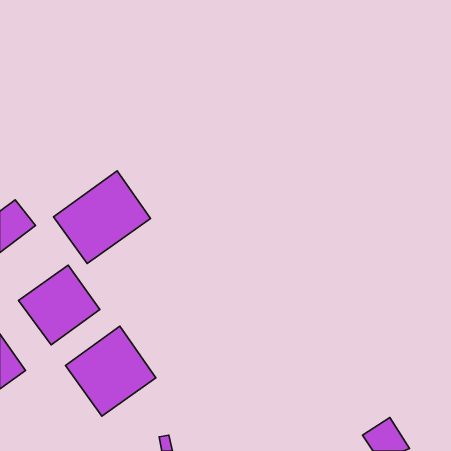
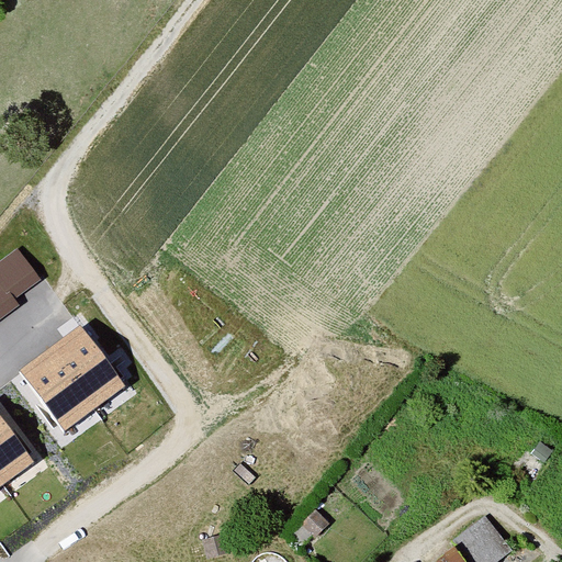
building: [54,171,150,264] -> none
building: [66,326,156,416] -> none

